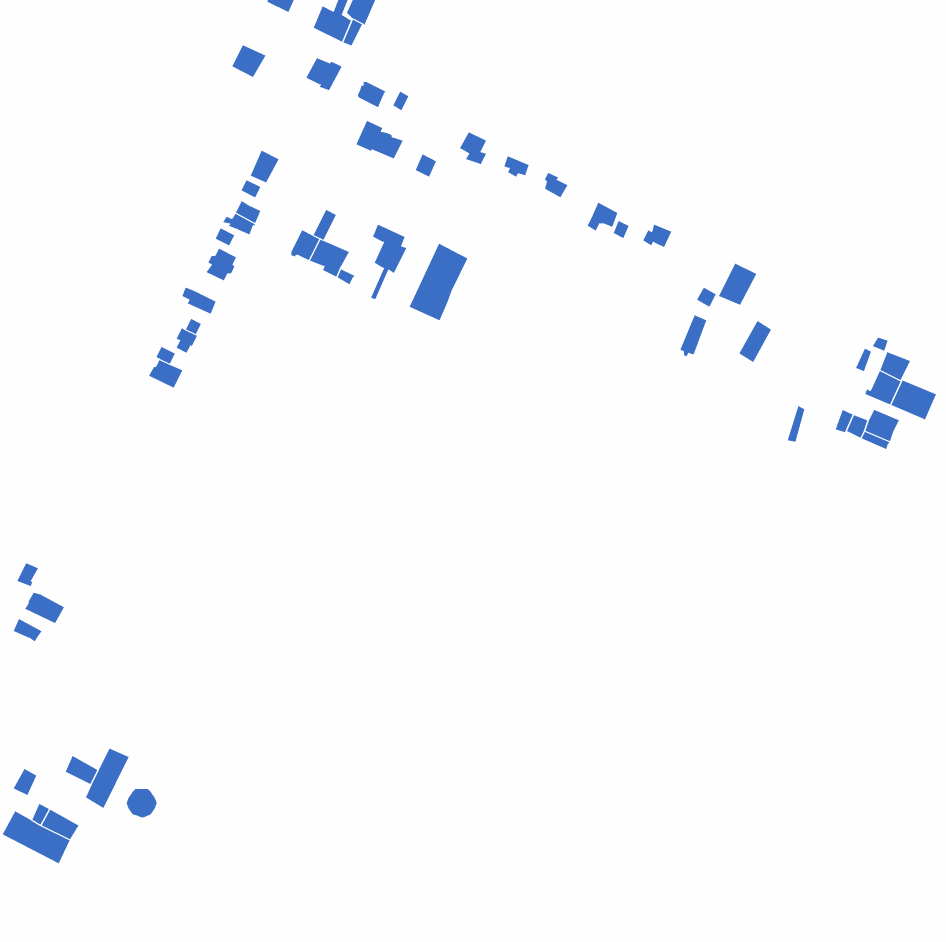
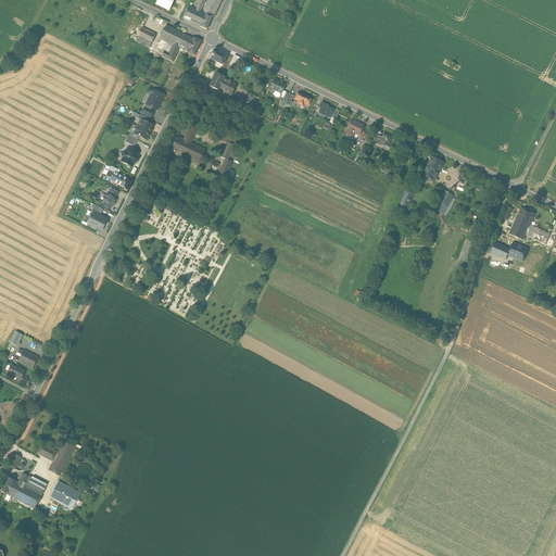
building: none -> [160,24,186,60]
building: [409,243,468,321] -> none
building: none -> [50,480,80,507]

